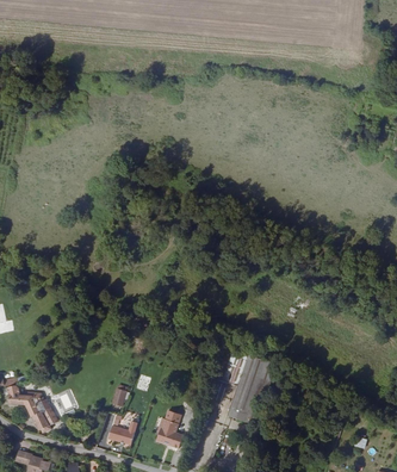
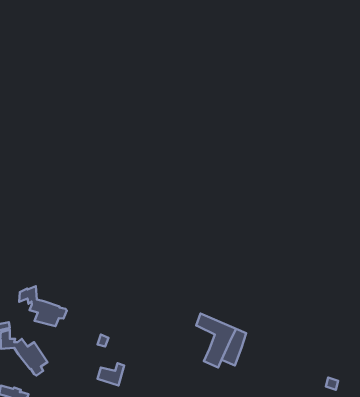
building: none -> [19,286,67,326]
building: [151,409,179,448] -> none

